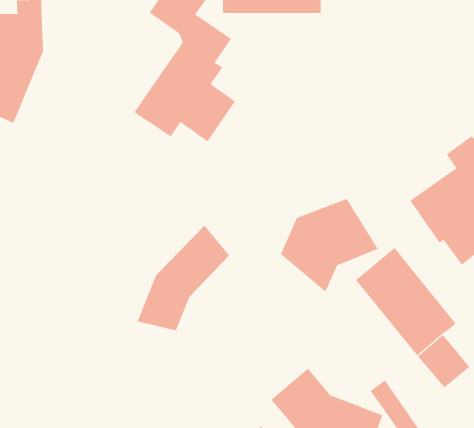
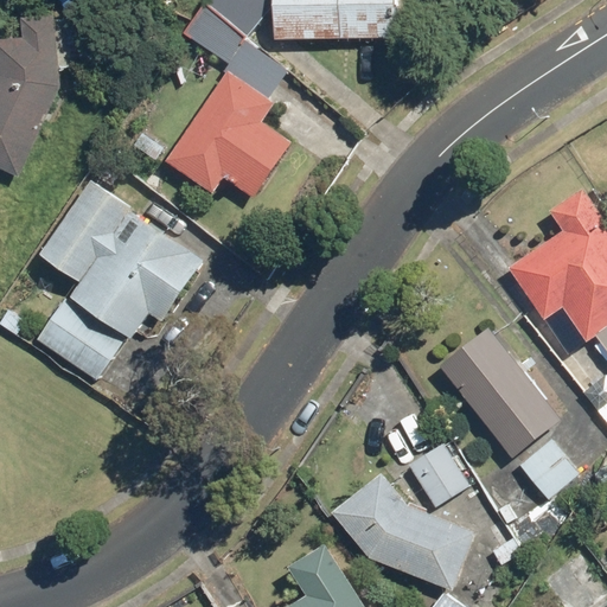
building: none -> [39,180,205,378]
building: [280,198,378,292] -> none
building: [137,225,230,331] -> none
building: none -> [407,443,468,507]

